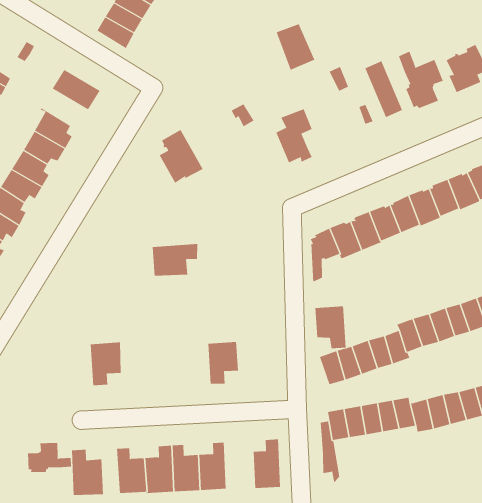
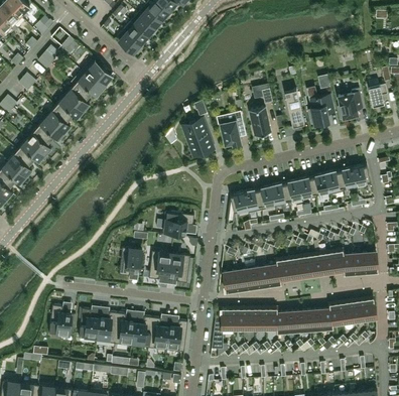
building: [276,23,315,70] -> [249,108,271,137]
building: none -> [72,71,102,97]
building: [159,129,204,184] -> [185,121,213,155]
building: [152,243,198,276] -> [162,213,194,235]
building: [314,306,346,349] -> [169,254,190,283]
building: [90,342,122,386] -> [119,248,142,276]
building: none -> [148,317,169,351]
building: [28,442,71,473] -> none

